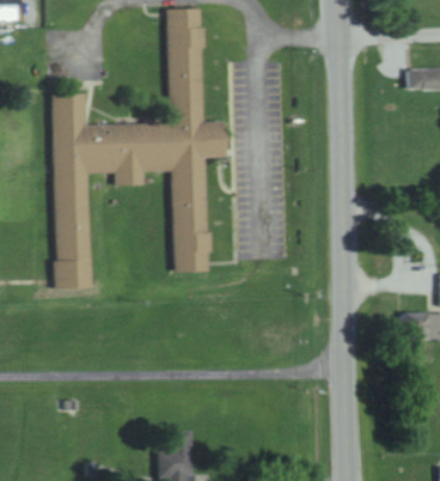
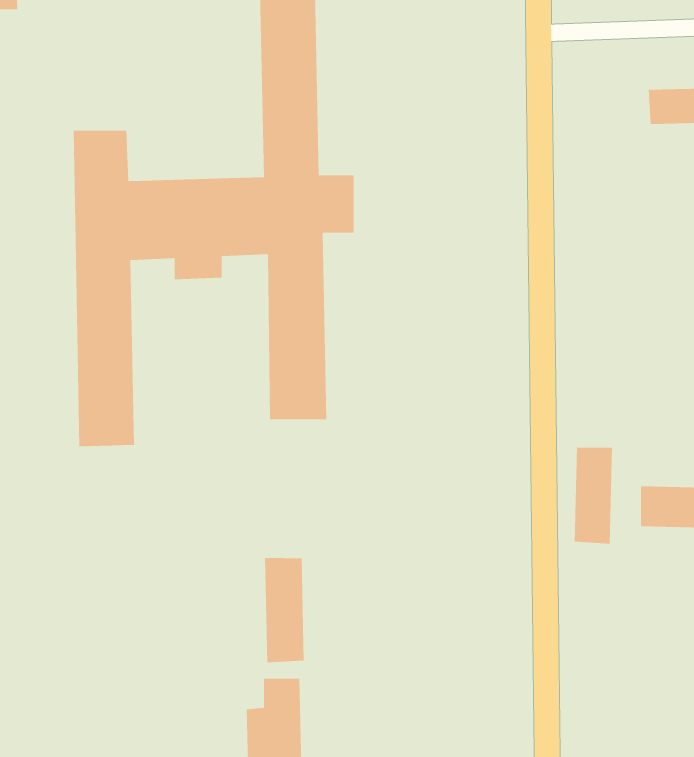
building: none -> [574,447,613,544]
building: none -> [265,557,304,663]

